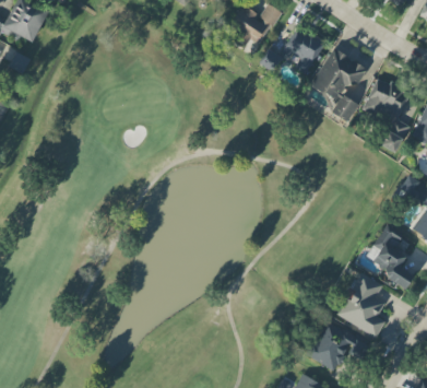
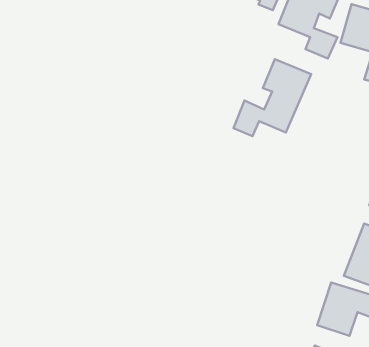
building: none -> [233,59,311,136]

